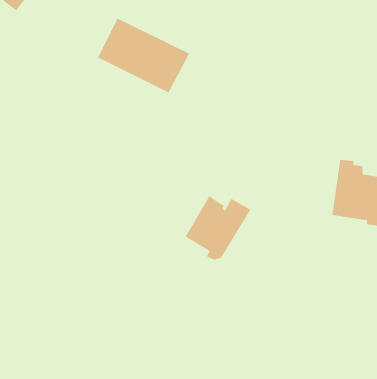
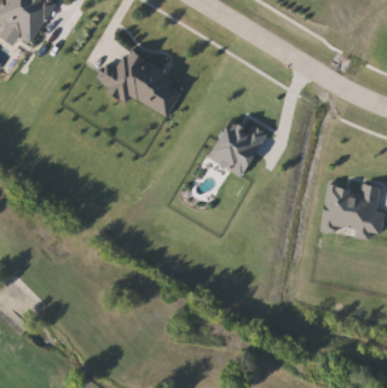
building: [185,195,251,260] -> [210,115,271,174]

